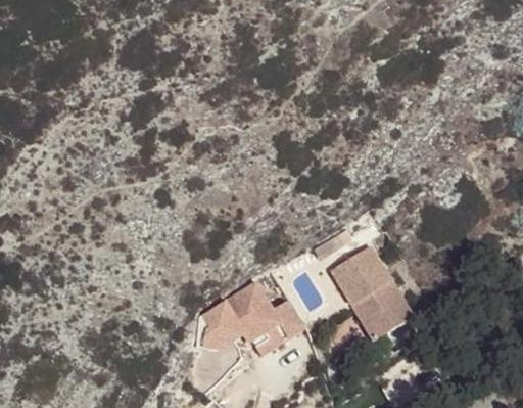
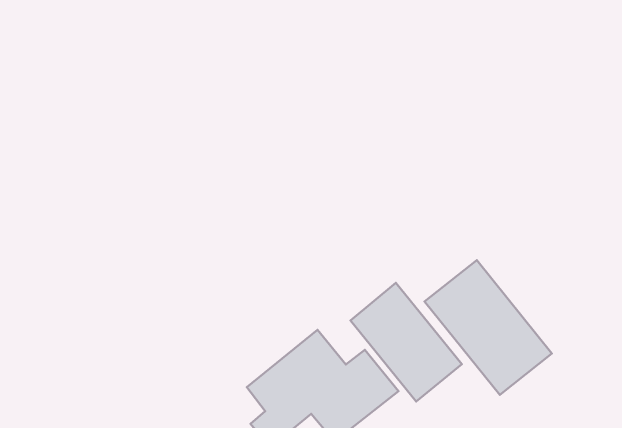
building: none -> [350,283,462,402]

